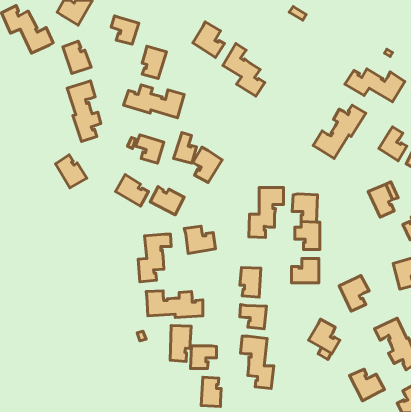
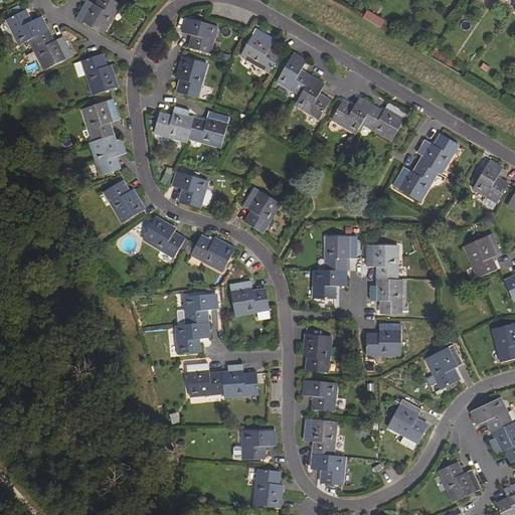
building: [111,16,139,44] -> [185,21,219,56]
building: [345,69,405,102] -> [334,99,408,140]
building: [174,132,197,163] -> none
building: [55,155,87,188] -> [107,182,146,223]
building: [170,326,191,361] -> none

